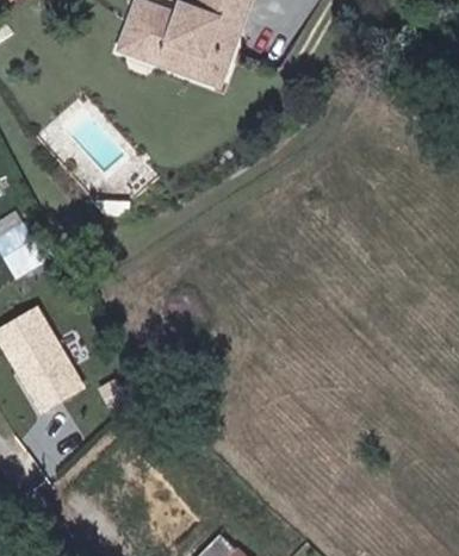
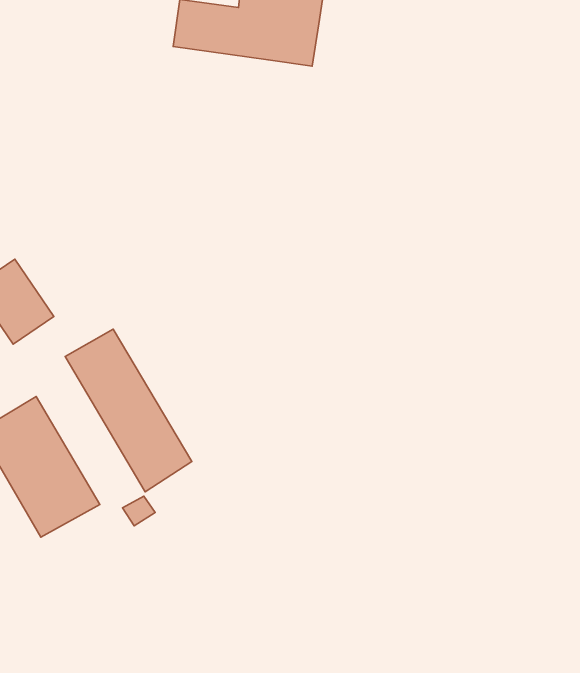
building: none -> [65,329,192,492]

